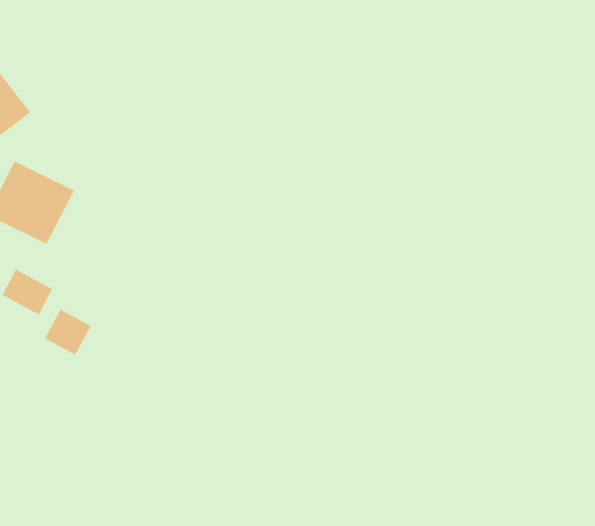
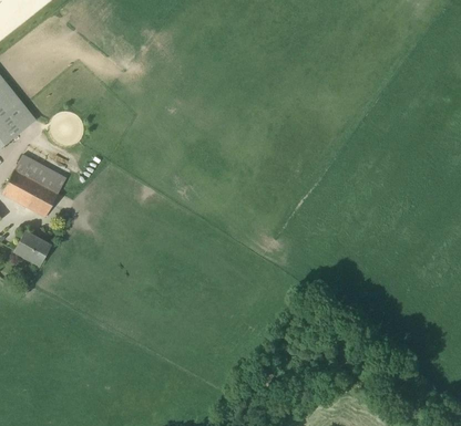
building: [44,309,92,356] -> none

